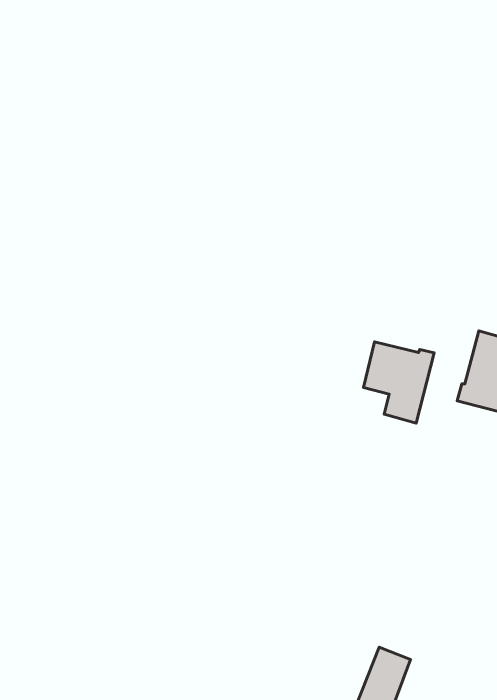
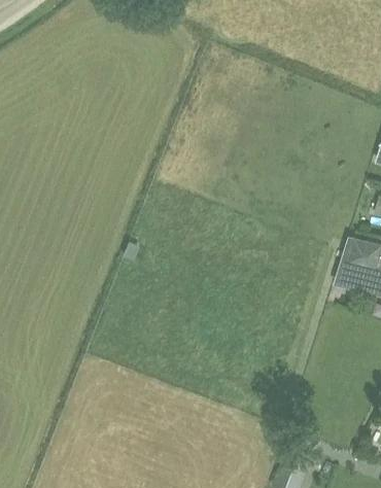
building: [363,342,434,423] -> none

